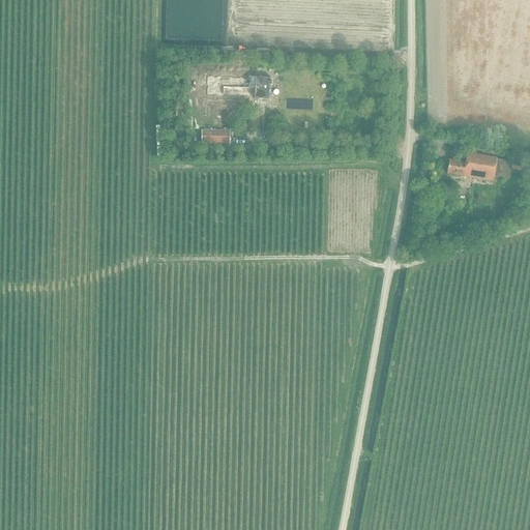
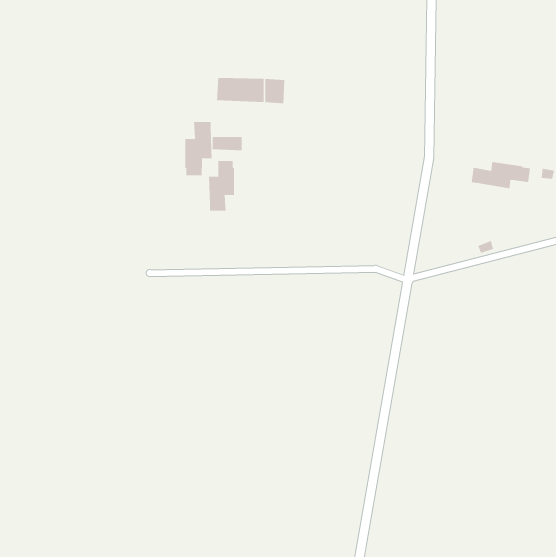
building: none -> [185,121,212,176]
building: none -> [208,160,234,212]

